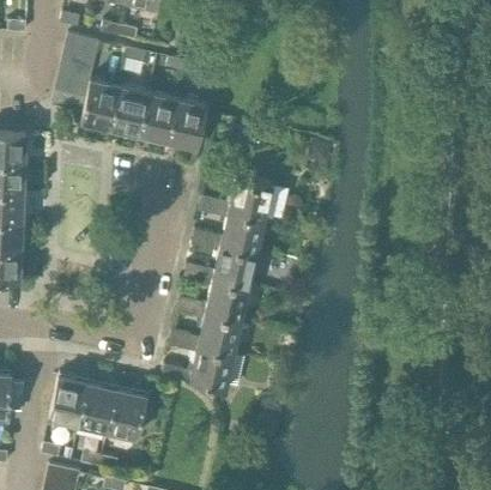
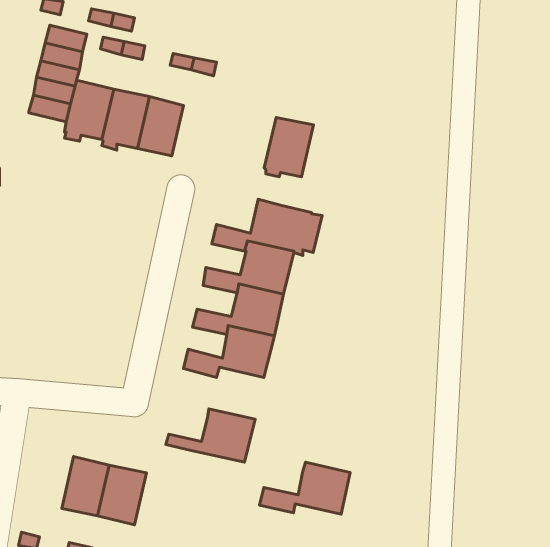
building: [166,101,206,149] -> [264,117,313,177]
building: [168,311,241,353] -> [259,462,350,514]
building: [48,376,87,425] -> none

